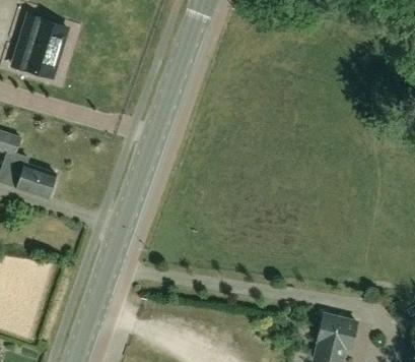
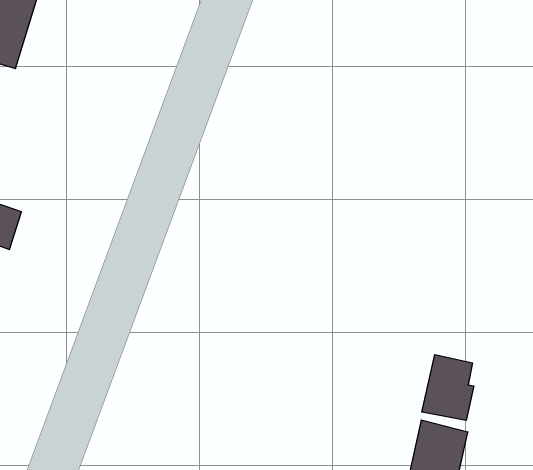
building: none -> [422,355,474,420]

